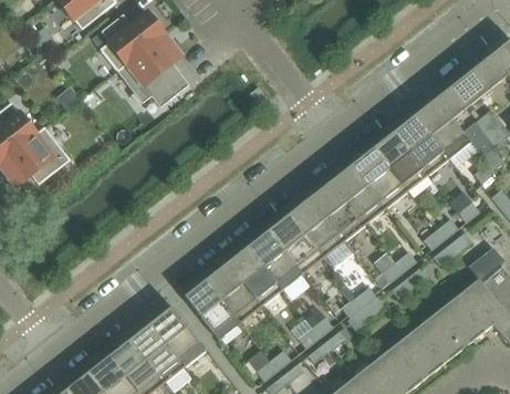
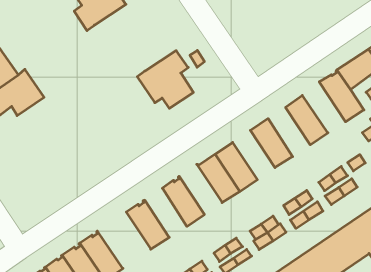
building: [117,34,189,107] -> [137,51,193,108]
building: [394,113,450,176] -> none
building: [353,148,408,209] -> none
building: [311,180,366,241] -> none
building: [247,228,303,290] -> none
building: [206,261,261,322] -> none
building: [149,304,206,365] -> none

